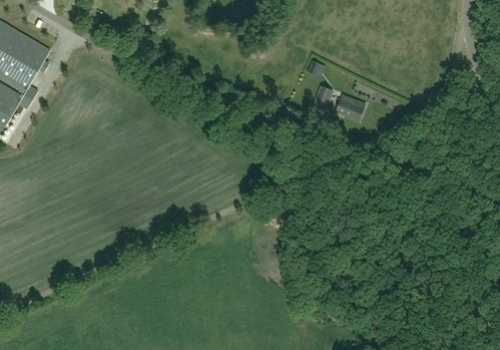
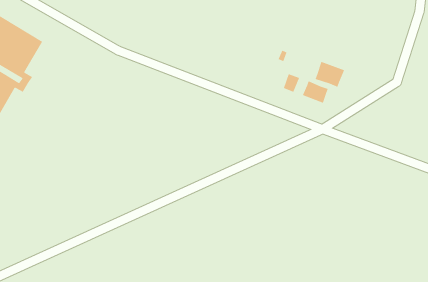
building: none -> [315,61,345,88]

